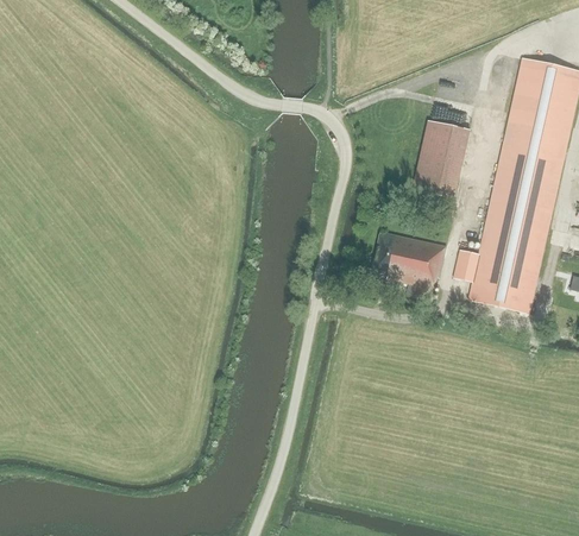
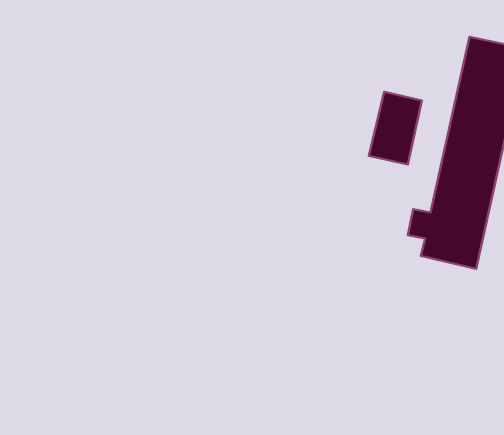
building: [372,231,446,299] -> none

